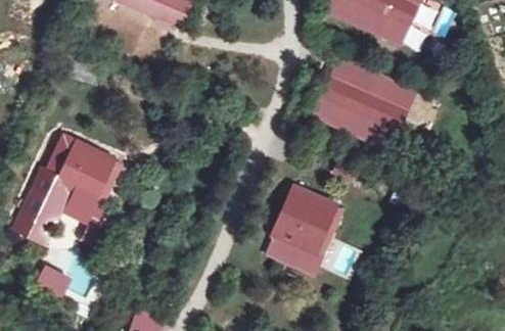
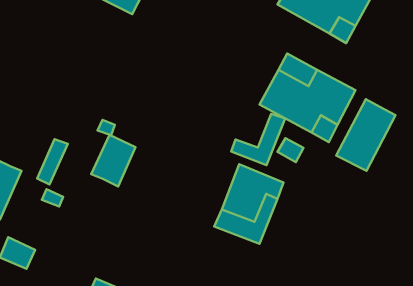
building: none -> [336,99,395,171]
building: none -> [231,114,285,165]
building: [48,143,95,198] -> [91,135,135,187]

